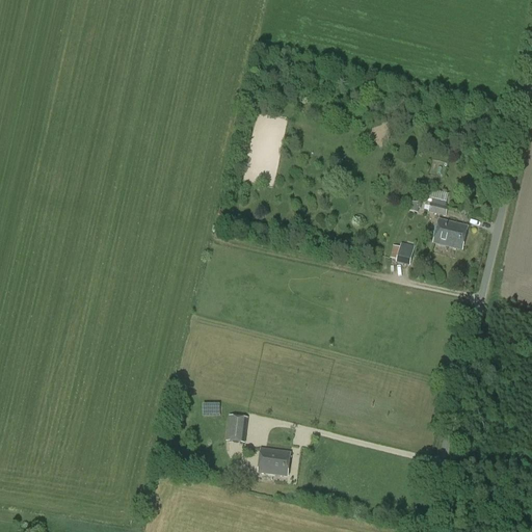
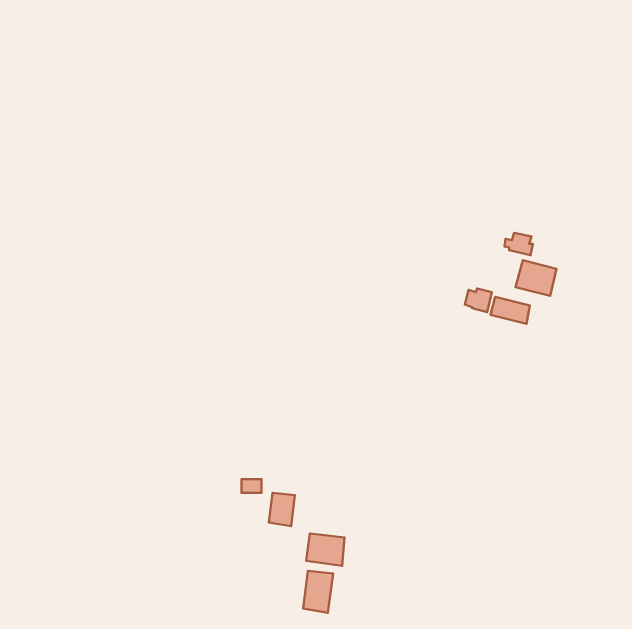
building: none -> [490,297,530,324]
building: none -> [303,571,333,613]

